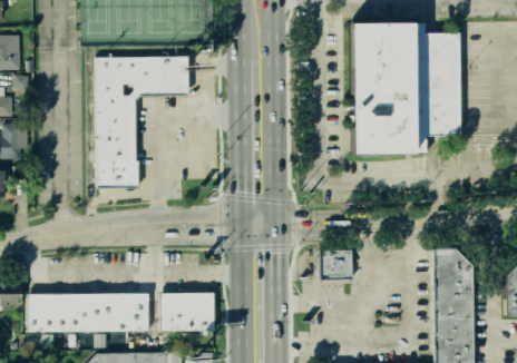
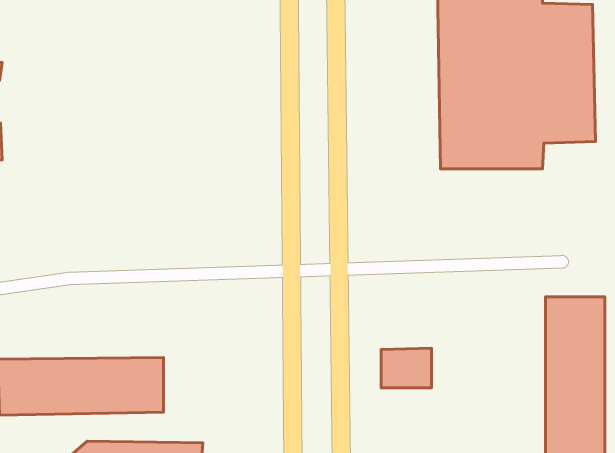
building: [100,53,192,183] -> none
building: [313,248,350,277] -> [381,348,431,388]
building: [159,292,215,331] -> none

